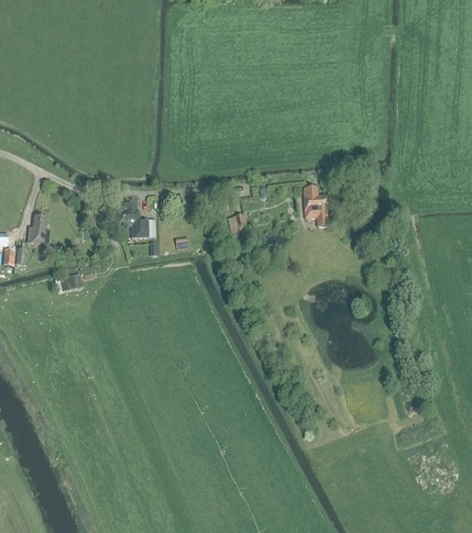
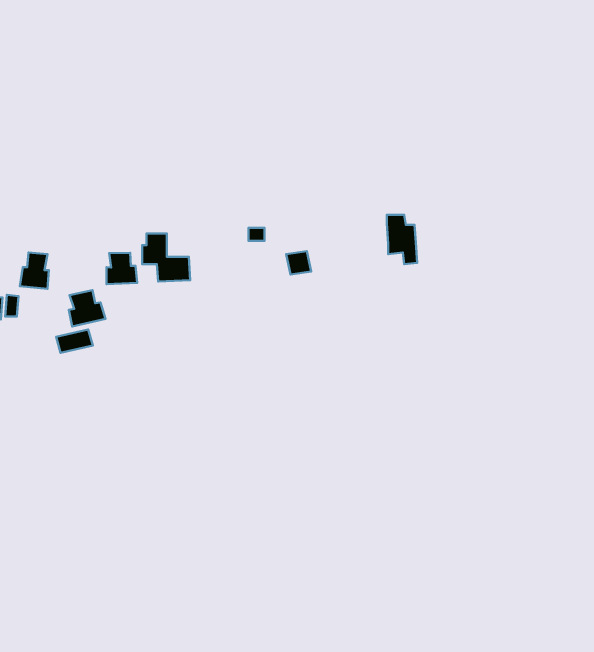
building: none -> [106,253,137,284]
building: none -> [69,290,105,326]

